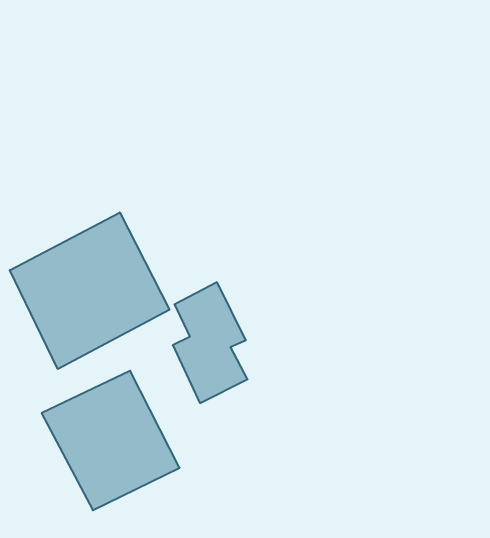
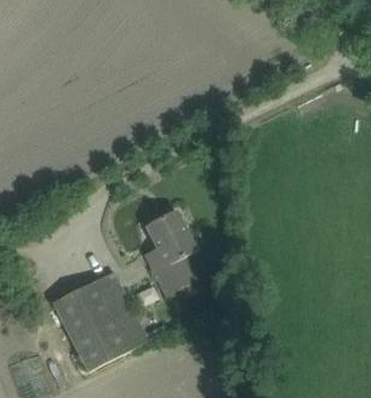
building: [10,212,169,369] -> none

